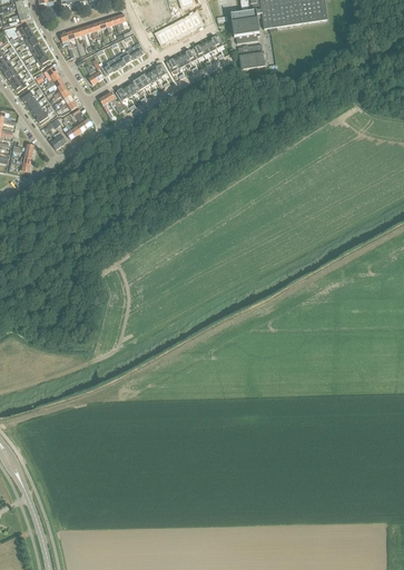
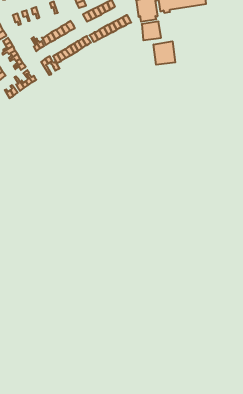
building: none -> [154,41,175,65]

